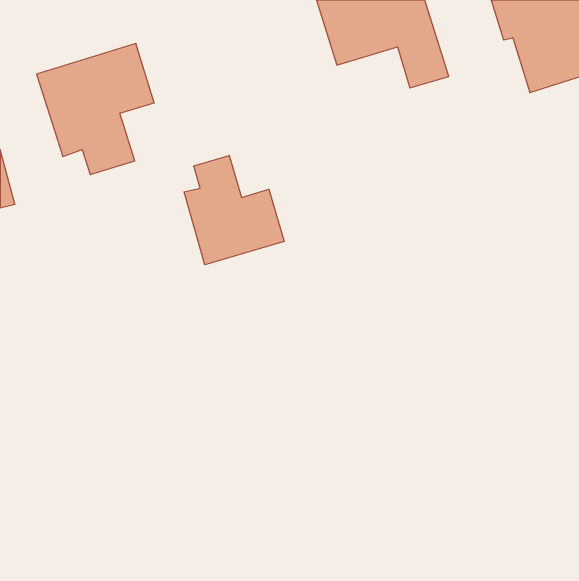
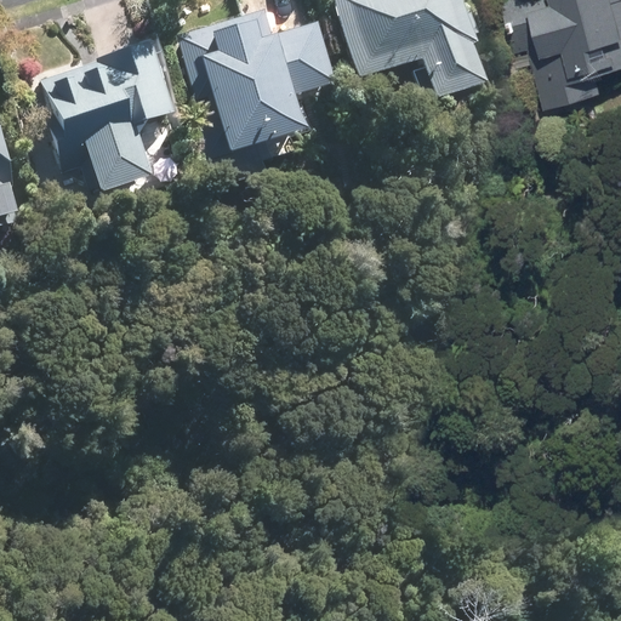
building: none -> [186,17,329,146]
building: [184,155,284,265] -> none

